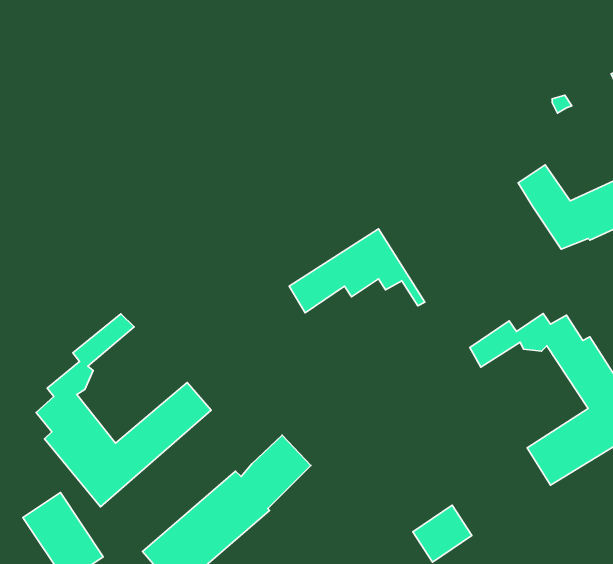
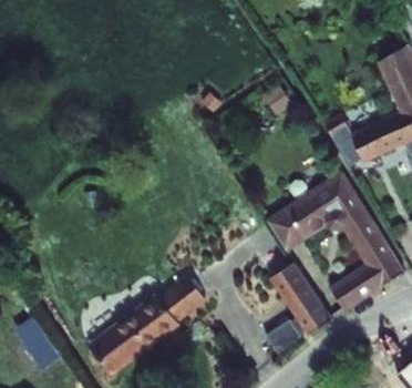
building: [289,229,425,313] -> [284,174,368,226]
building: [36,314,211,507] -> none
building: none -> [267,264,323,337]

